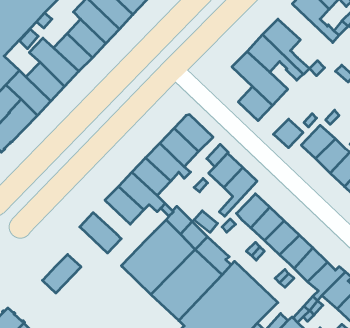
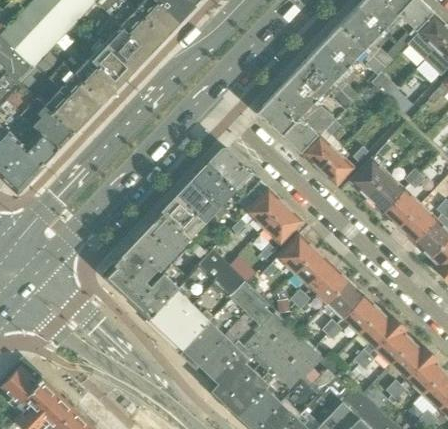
building: none -> [324,25,385,76]
building: none -> [256,95,296,134]
building: none -> [303,121,341,170]
building: none -> [119,243,160,281]
building: [42,254,81,293] -> [135,273,178,316]

